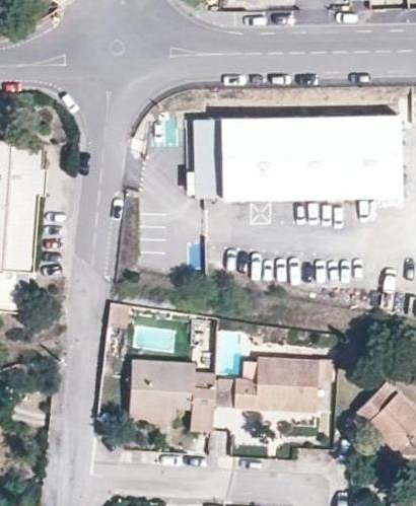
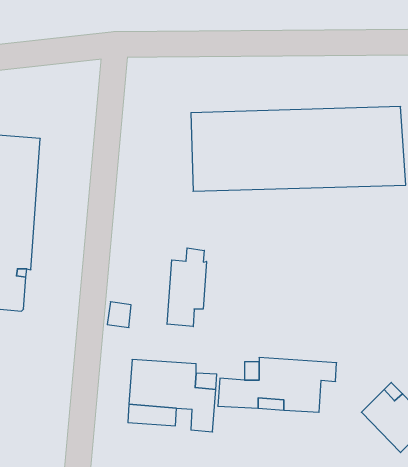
building: none -> [167,248,206,327]

